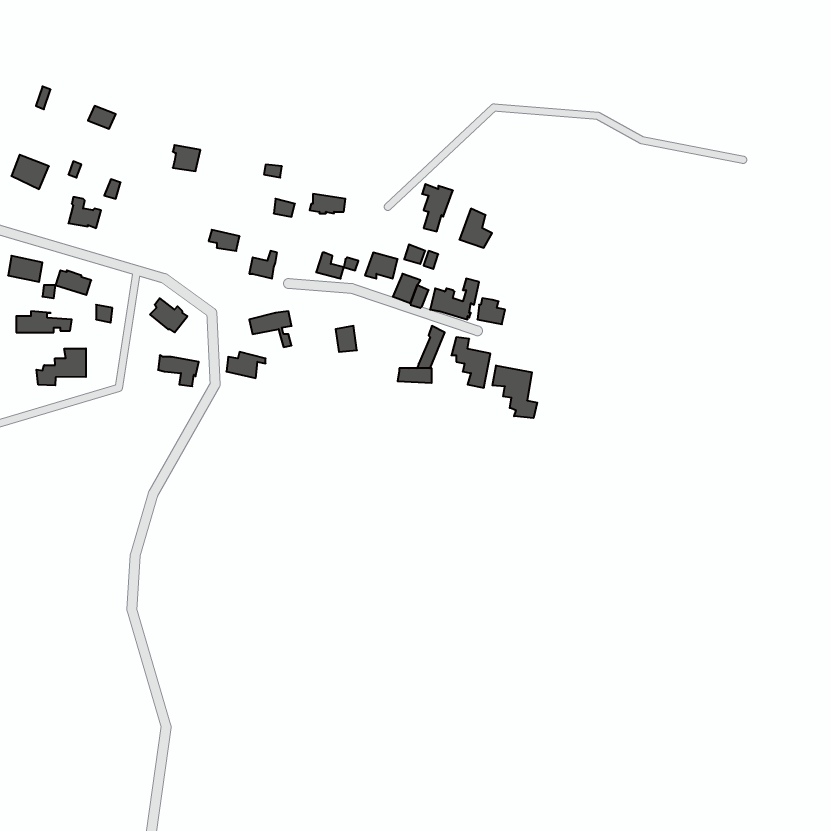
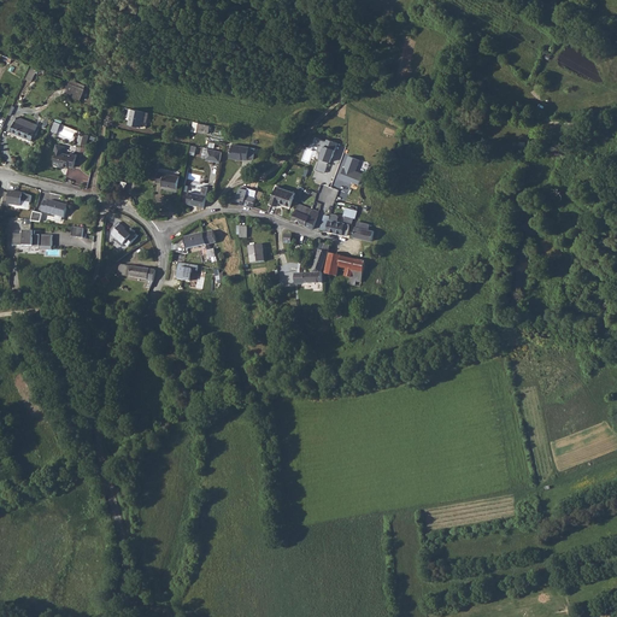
building: [36,348,86,385] -> none
building: [492,365,537,418] -> none

